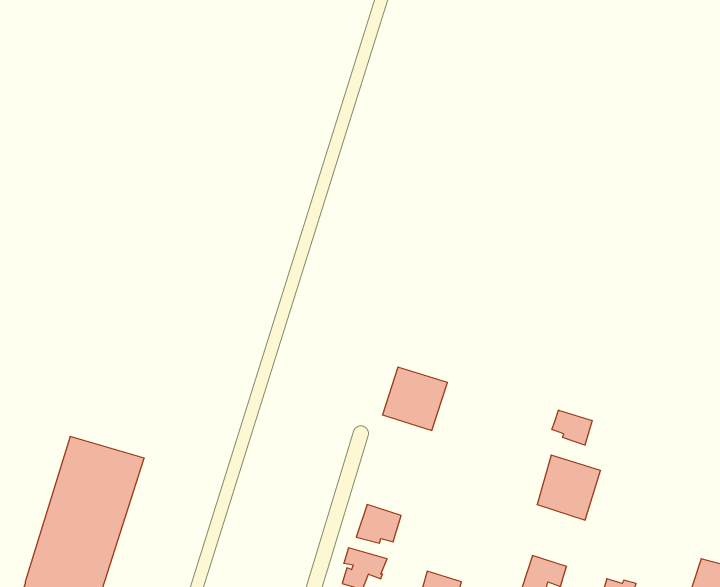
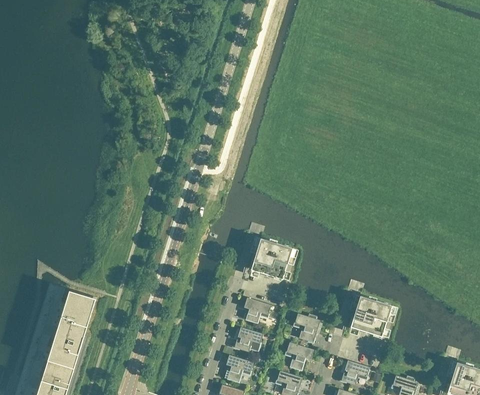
building: [552,410,592,445] -> none
building: none -> [243,297,271,323]
building: none -> [294,313,320,343]
building: none -> [285,342,314,371]

